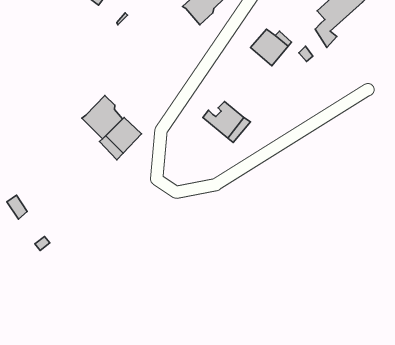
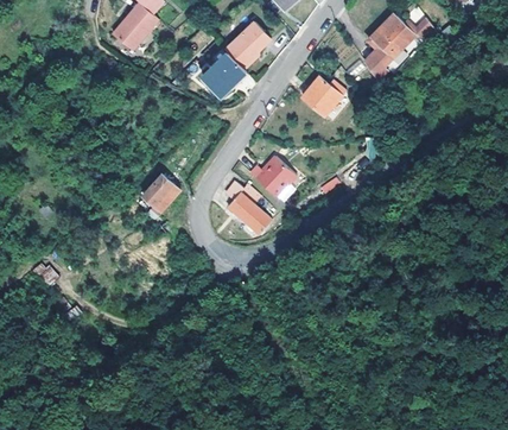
building: none -> [202,52,246,96]
building: [82,95,123,139] -> none
building: none -> [224,179,271,232]

